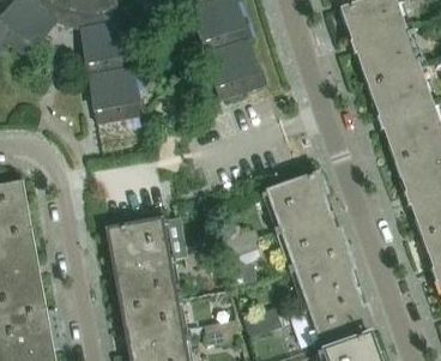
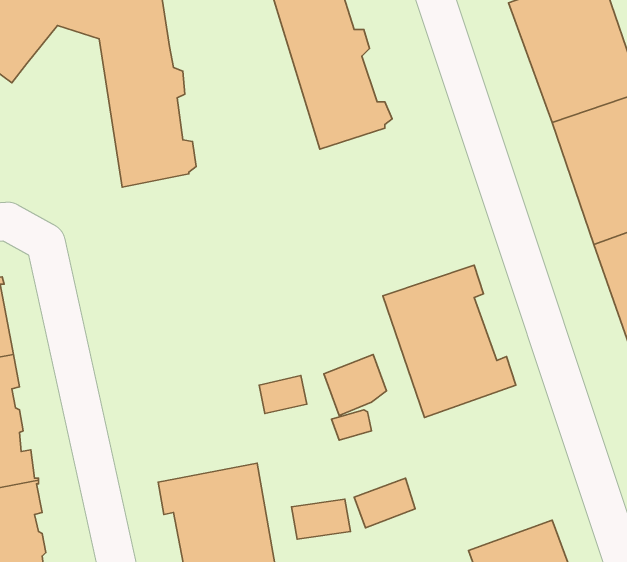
building: [105,219,183,309] -> none
building: [289,248,374,344] -> none

